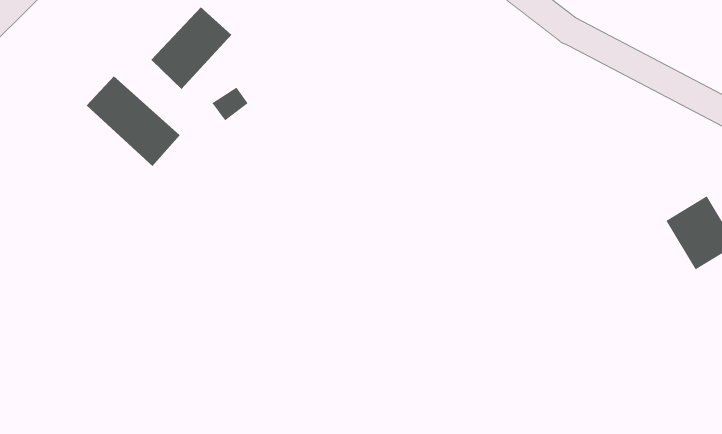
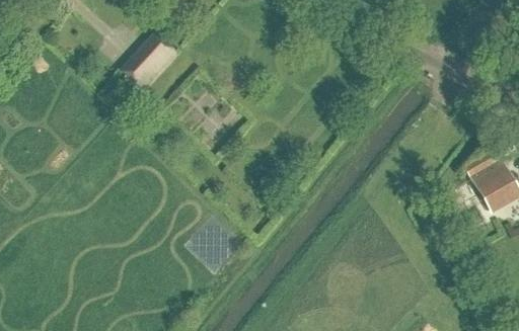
building: [86,75,180,167] -> none

